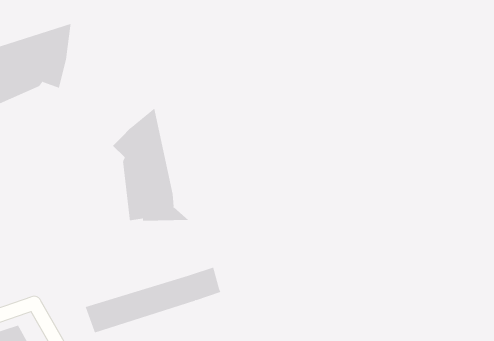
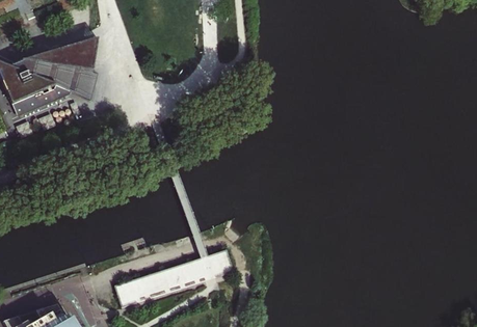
building: [112,108,189,222] -> none

